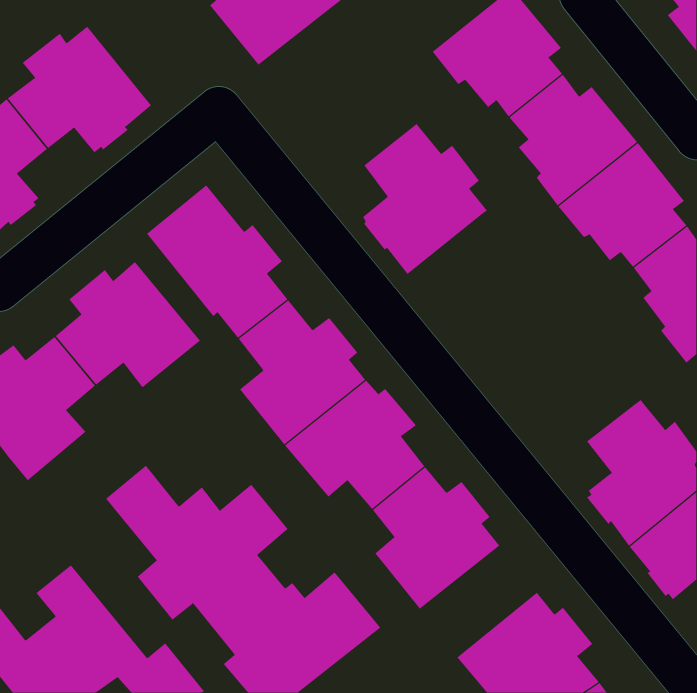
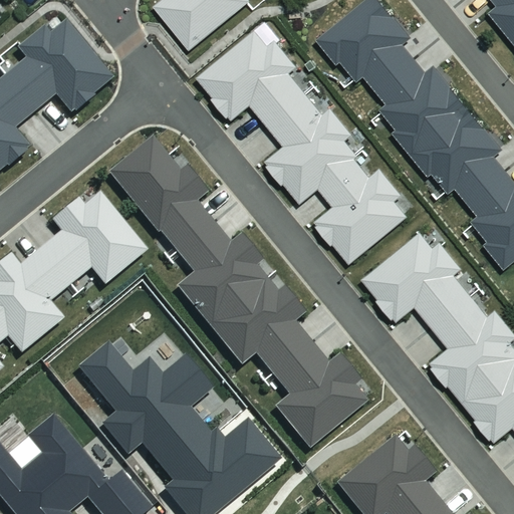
building: none -> [197,28,306,121]
building: none -> [316,157,409,262]
building: none -> [363,231,471,324]

